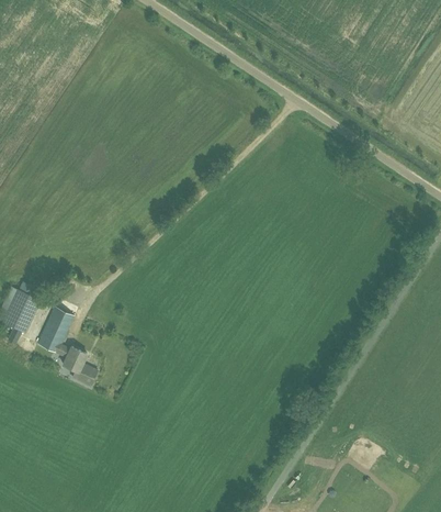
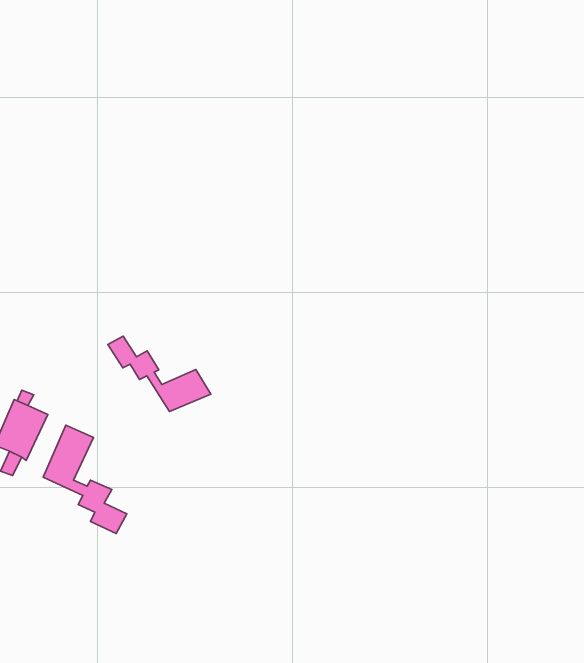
building: none -> [108,336,211,411]

